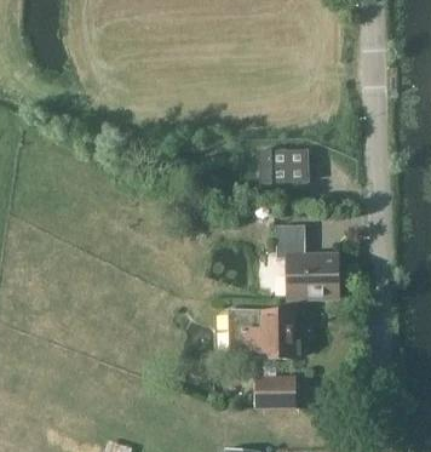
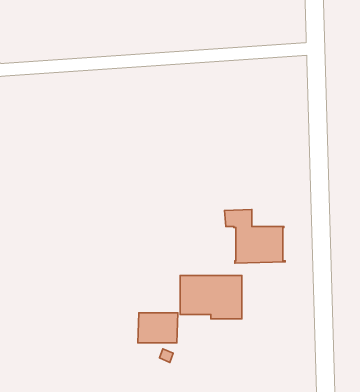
building: [262,150,310,184] -> none
building: [253,377,295,408] -> [138,313,178,343]

